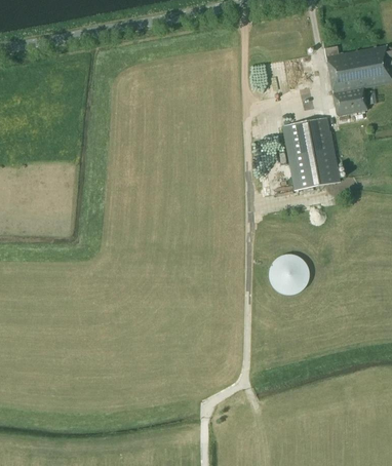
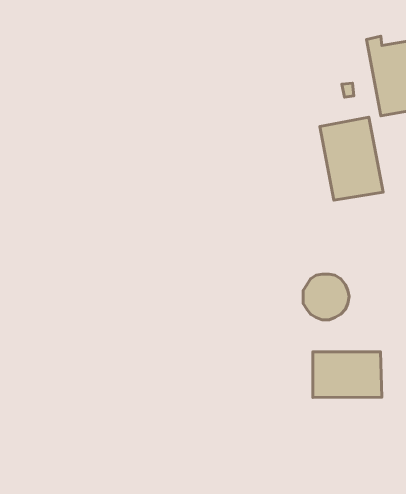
building: none -> [313,352,382,397]

